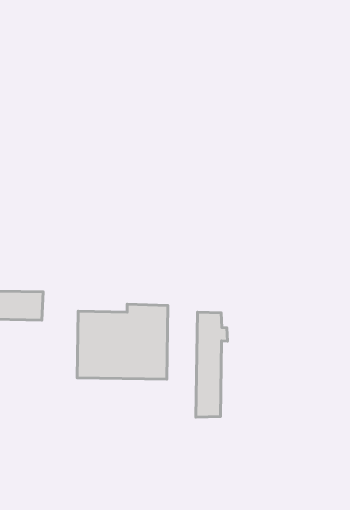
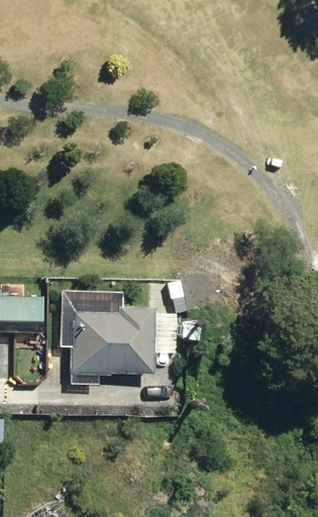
building: [196,312,227,417] -> none

